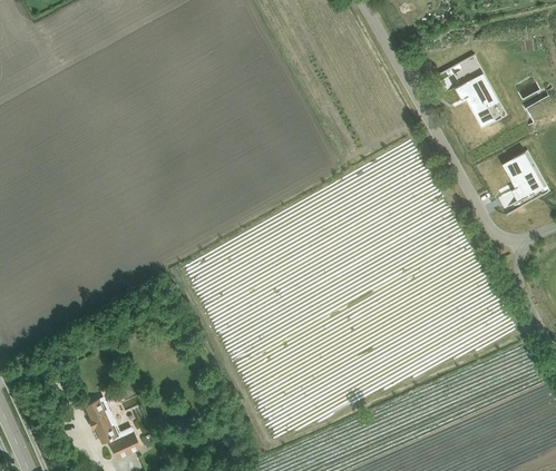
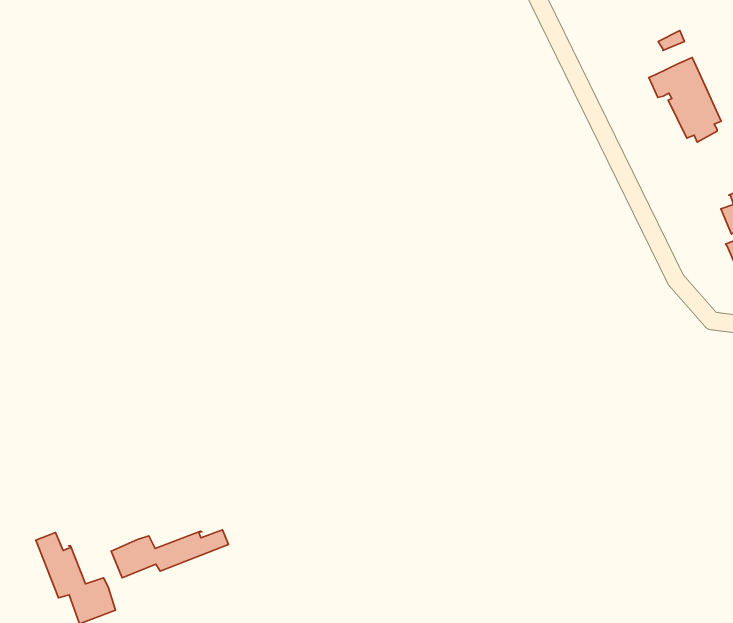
building: none -> [111,530,229,578]

